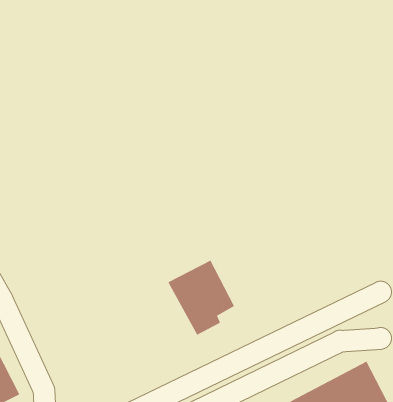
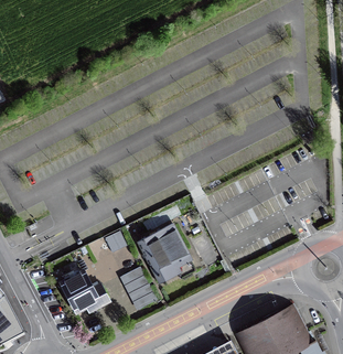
building: none -> [118,267,153,310]
building: none -> [58,272,107,311]

